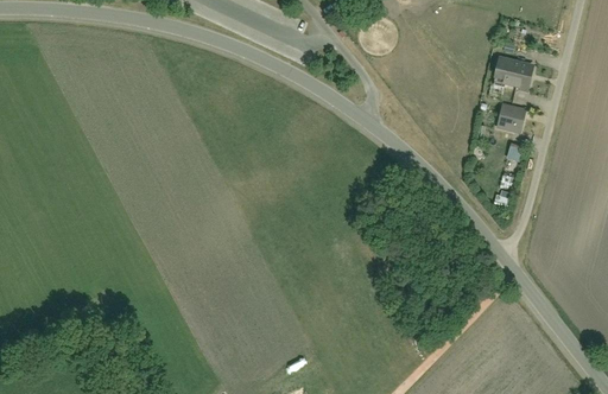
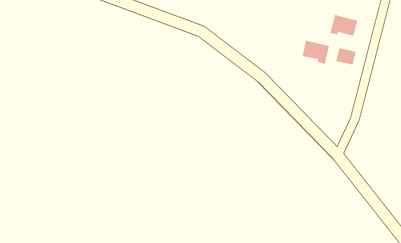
building: none -> [302,40,329,65]

